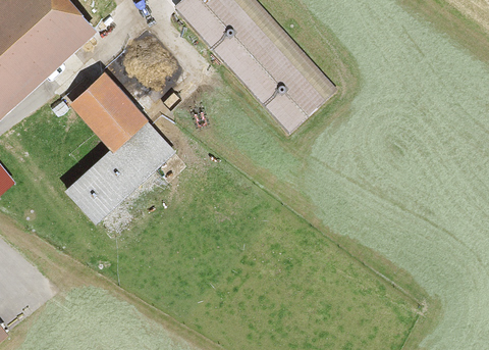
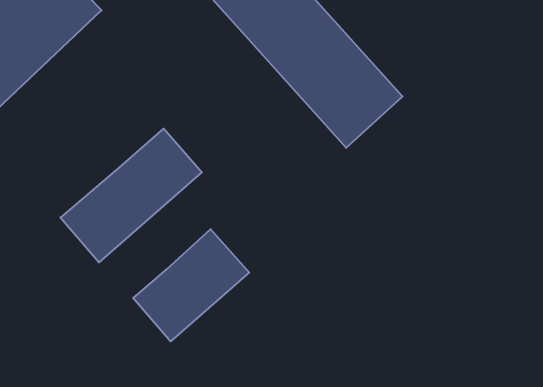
building: [69,72,145,150] -> none
building: none -> [133,229,249,341]

